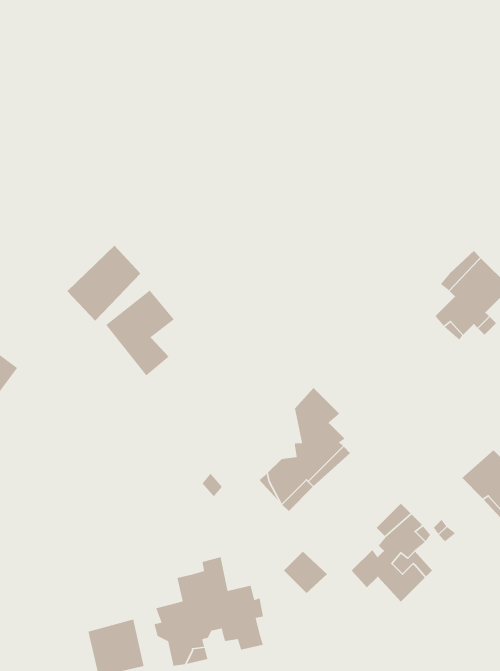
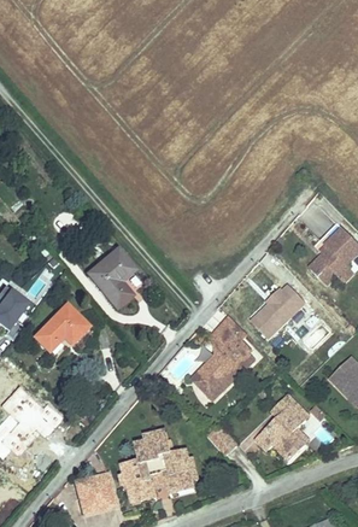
building: [67,245,141,321] -> [35,305,86,357]
building: none -> [251,285,306,339]

